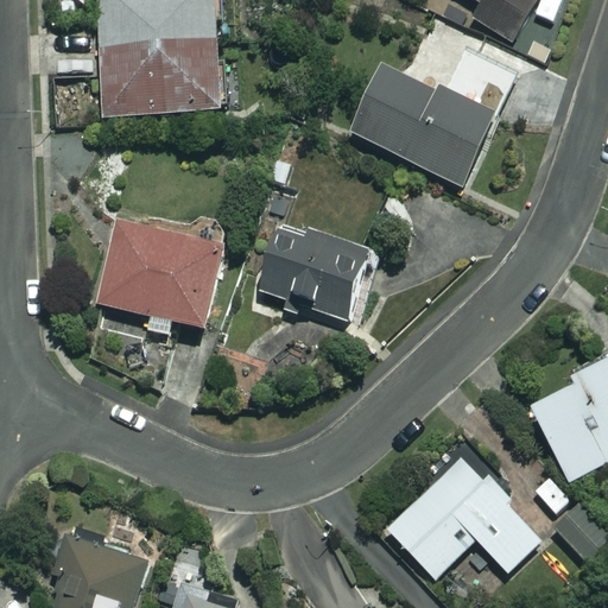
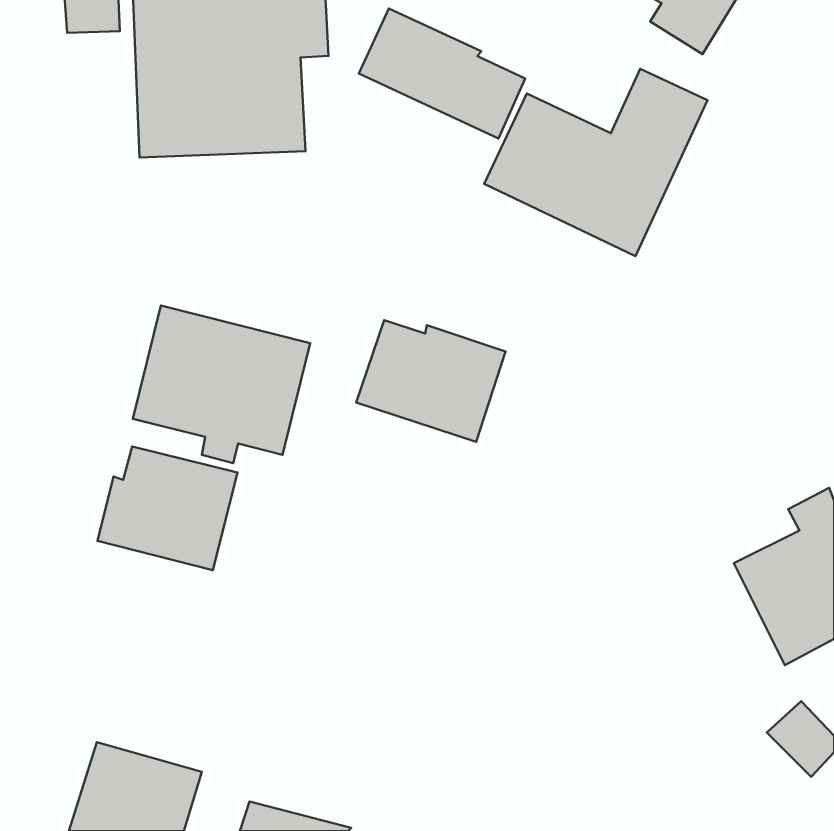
building: none -> [359,9,525,138]
building: none -> [98,447,237,570]
building: [386,454,543,577] -> none

